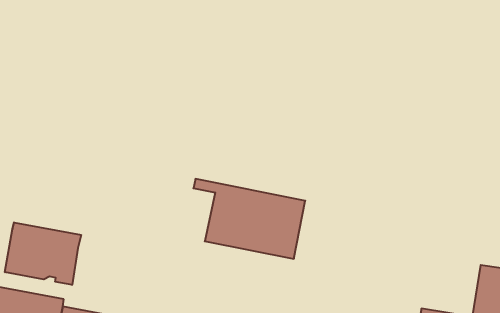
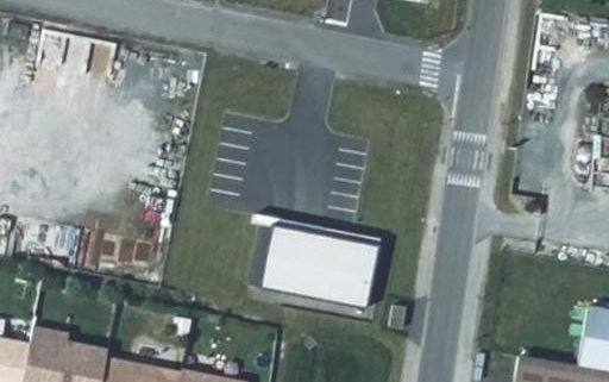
building: [5,222,81,285] -> none

